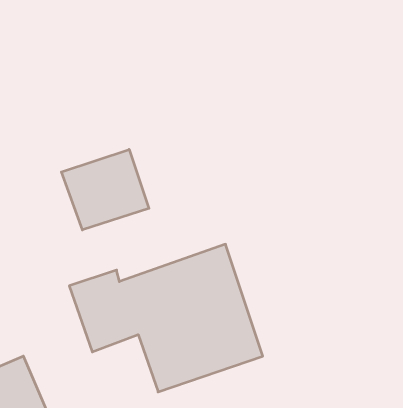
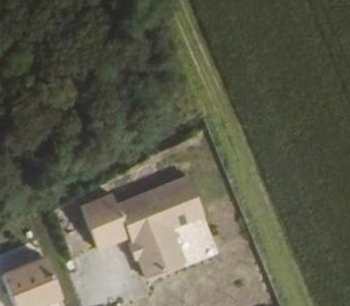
building: [61,149,149,230] -> none

